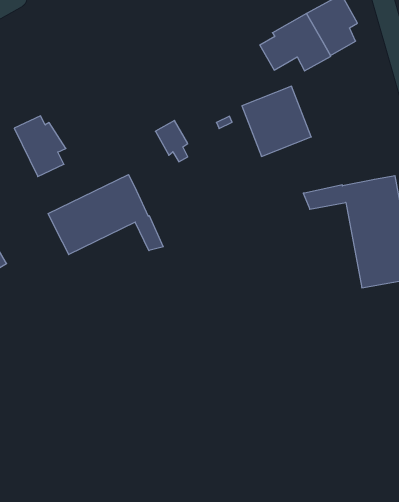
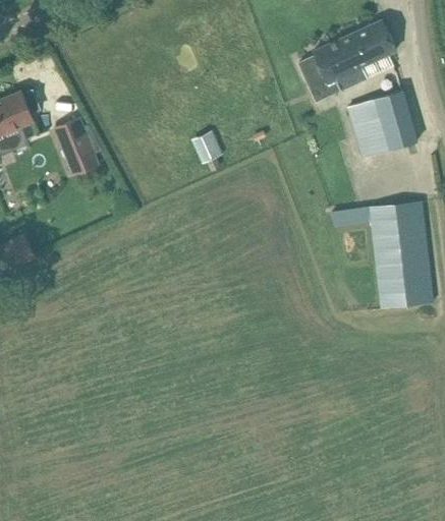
building: [242,86,311,156] -> [349,91,414,157]
building: [48,175,163,255] -> none

